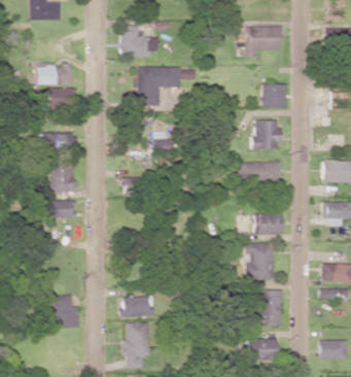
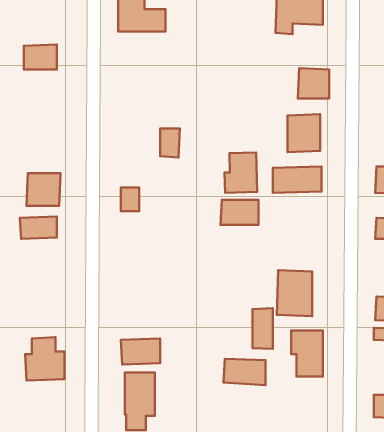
building: [136,66,178,105] -> none
building: [47,88,73,106] -> none
building: [42,132,74,150] -> none
building: none -> [225,152,257,193]
building: [253,213,283,233] -> [220,200,258,225]
building: none -> [253,308,273,349]
building: [244,340,277,361] -> [223,359,265,385]

